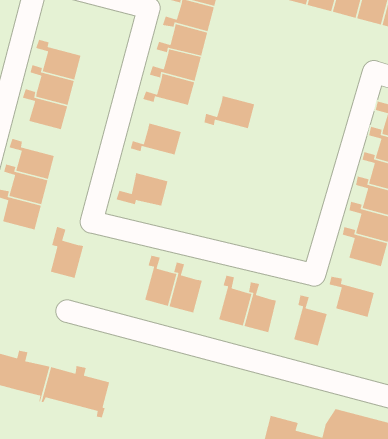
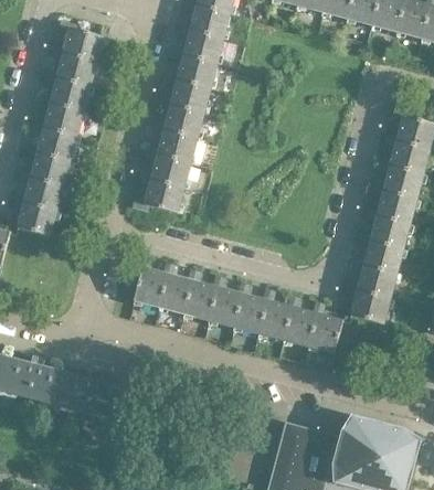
building: none -> [57,20,103,62]
building: [203,95,255,129] -> [151,104,203,138]
building: none -> [31,120,76,162]
building: none -> [138,153,190,188]
building: [50,226,84,279] -> [134,254,168,307]
building: none -> [350,257,396,299]
building: none -> [209,275,242,327]
building: none -> [284,295,317,347]

